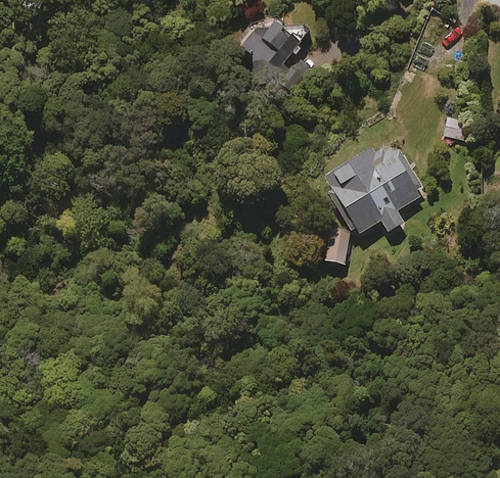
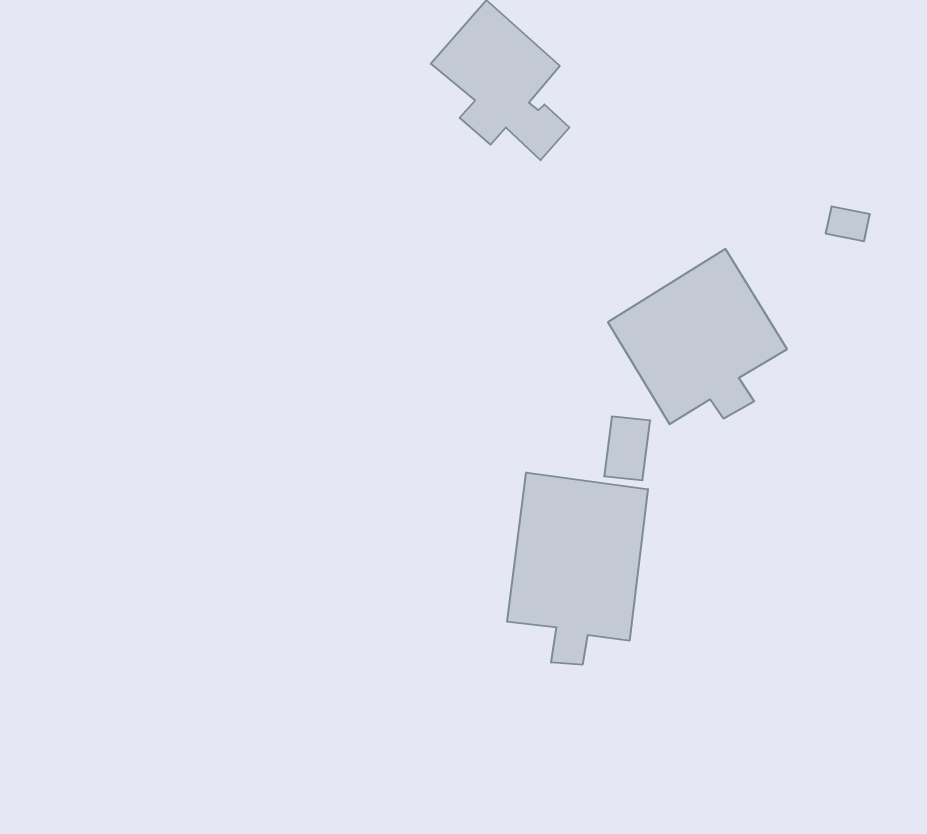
building: none -> [507,472,648,665]

